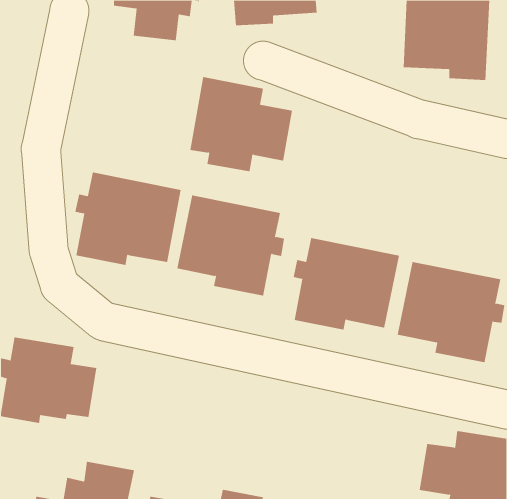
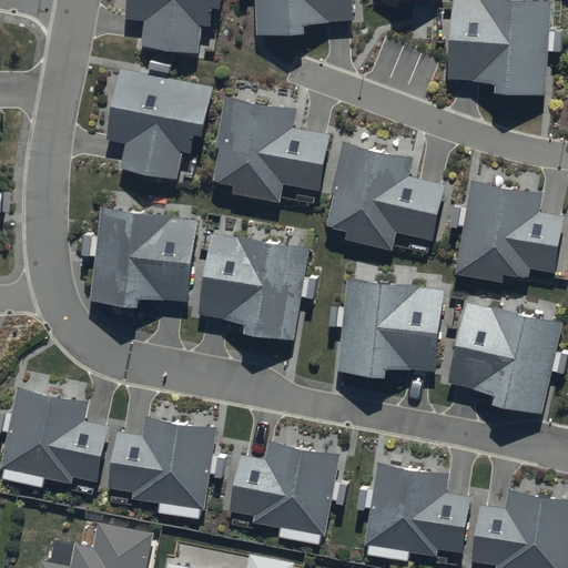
building: none -> [105,75,215,182]
building: none -> [324,141,445,247]
building: none -> [447,176,561,281]
building: none -> [109,415,226,518]
building: none -> [227,442,346,544]
building: none -> [357,462,473,559]

